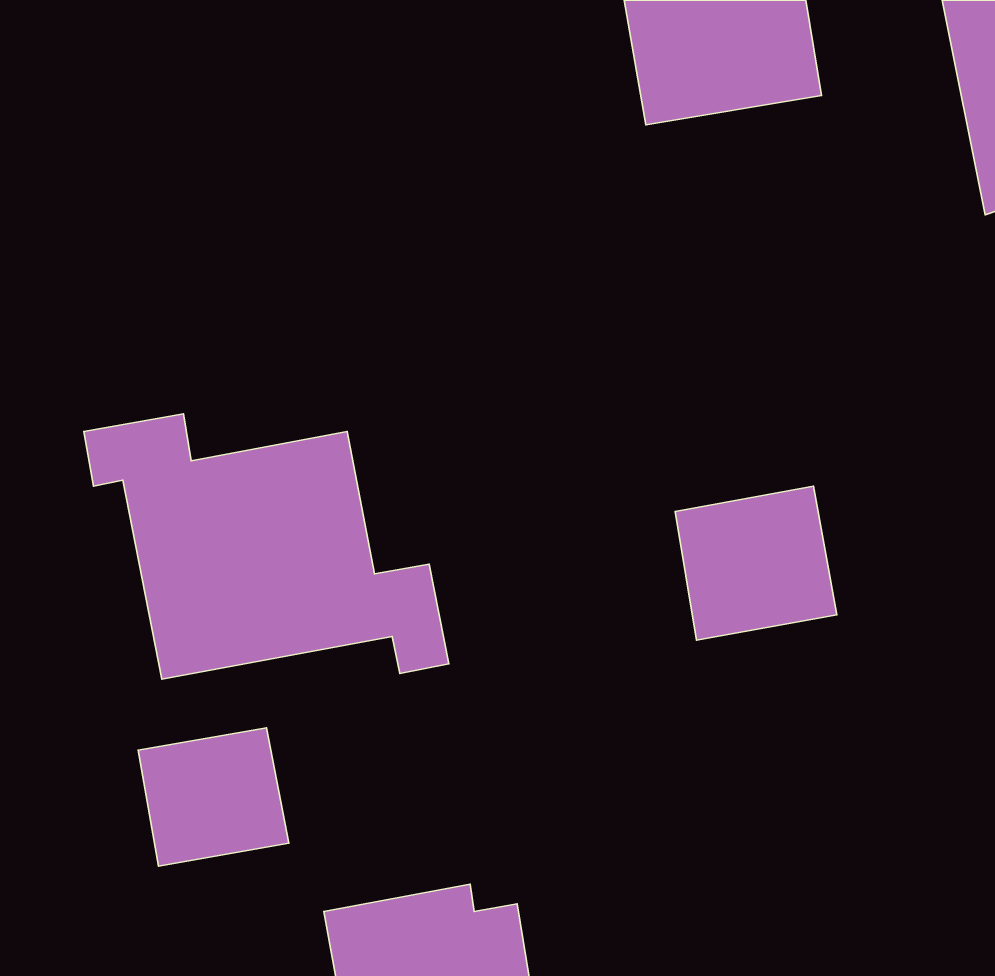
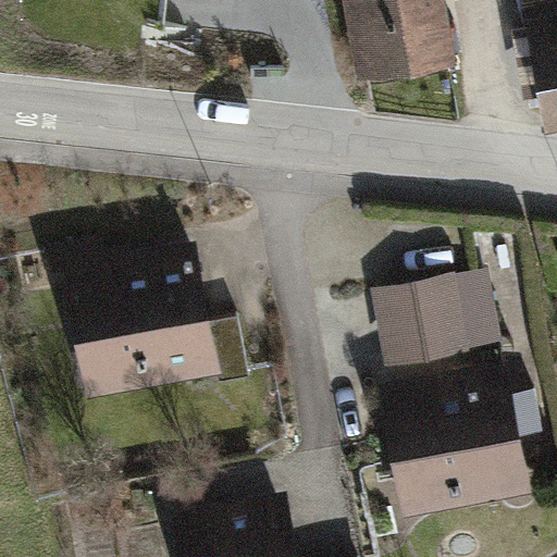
building: none -> [385,377,531,512]
building: [138,728,289,866] -> none

